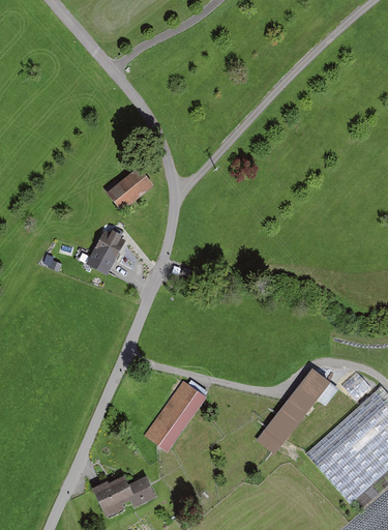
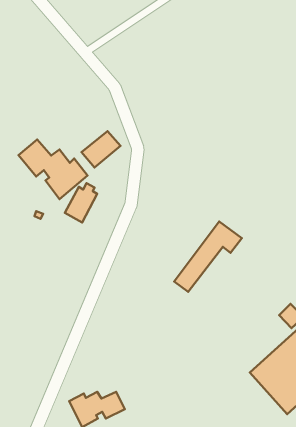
building: none -> [18,140,88,199]
building: [258,367,338,451] -> [174,222,242,292]
building: [144,379,205,451] -> none

